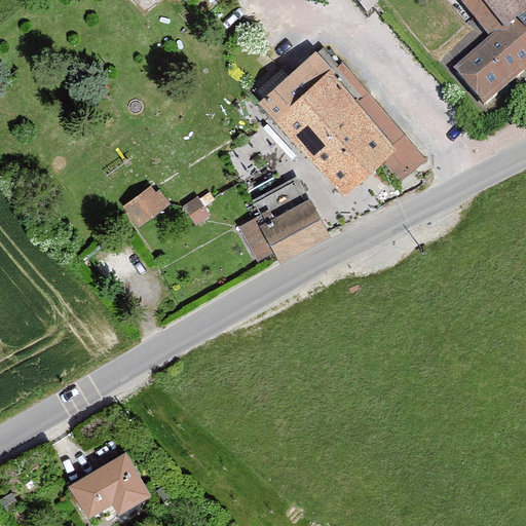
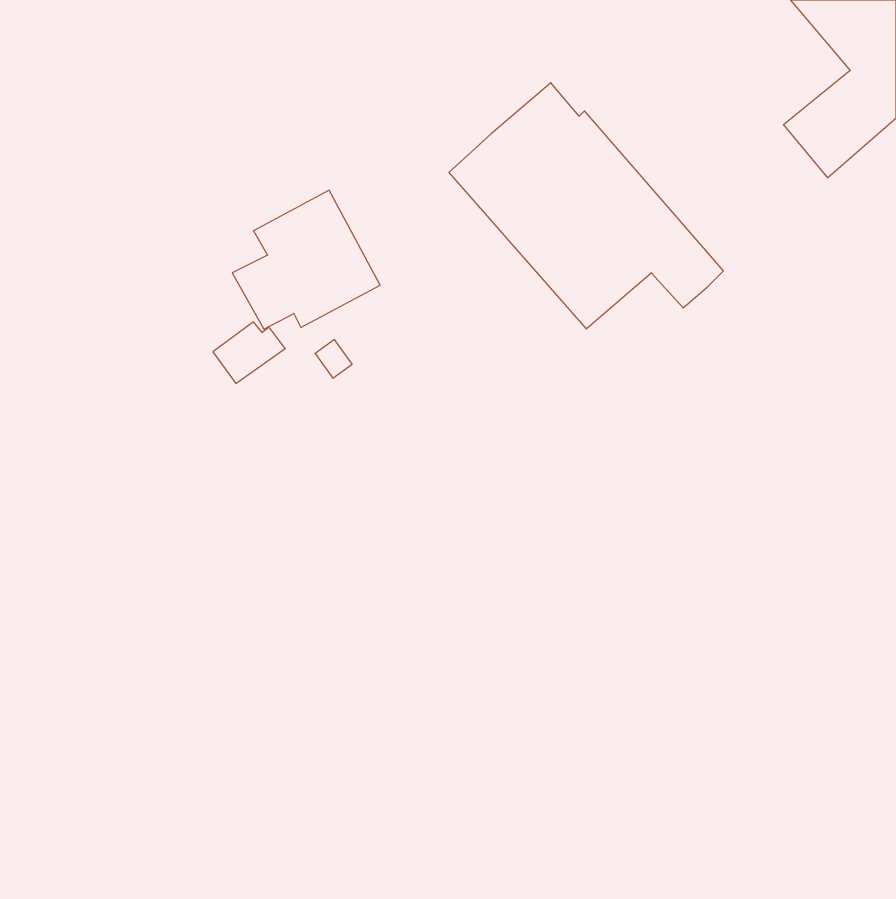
building: [238,178,325,259] -> [232,190,380,329]
building: [72,454,148,513] -> none

